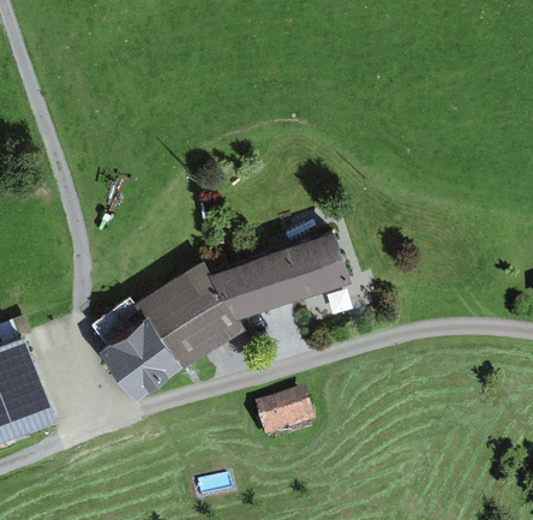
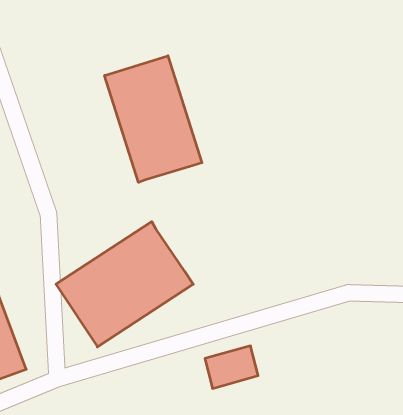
building: none -> [105,56,202,182]
building: [202,228,348,316] -> none

